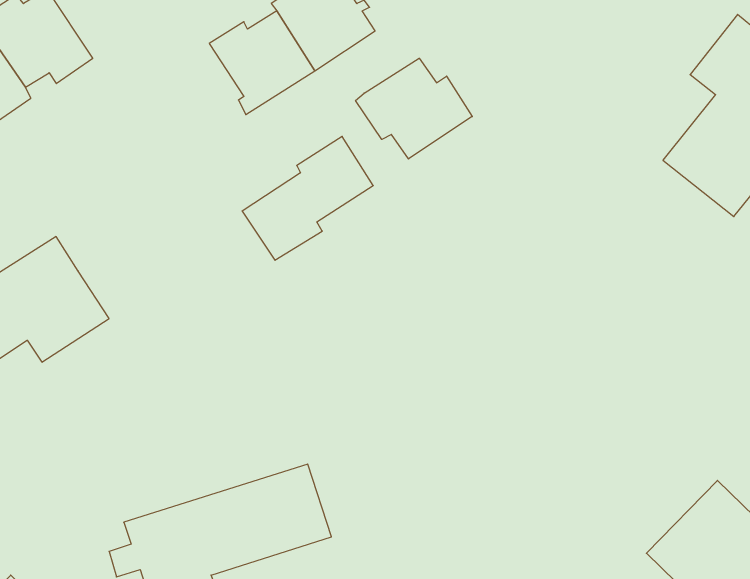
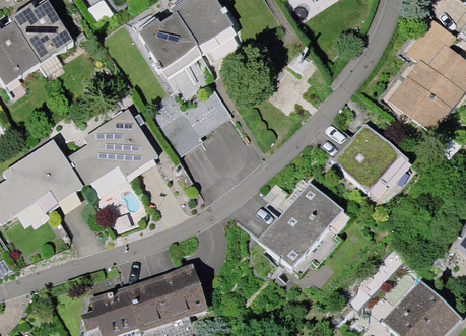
building: [356,58,472,159] -> none
building: none -> [65,111,157,188]
building: none -> [331,124,408,194]
building: none -> [258,183,350,277]

